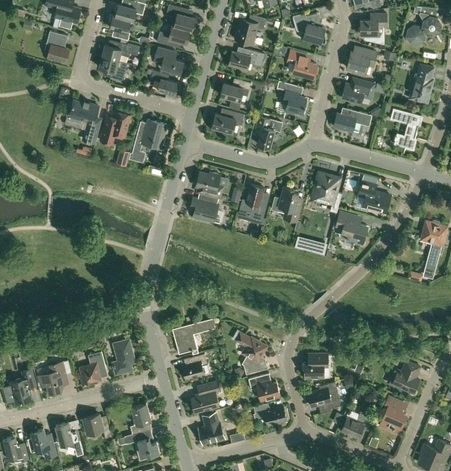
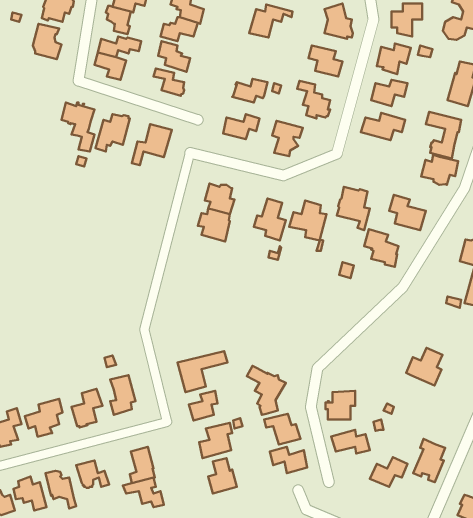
building: [229,49,265,69] -> none
building: none -> [421,155,458,185]
building: [388,360,420,393] -> [406,348,443,385]

